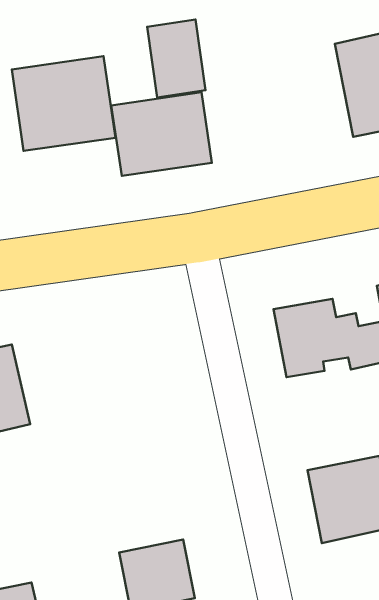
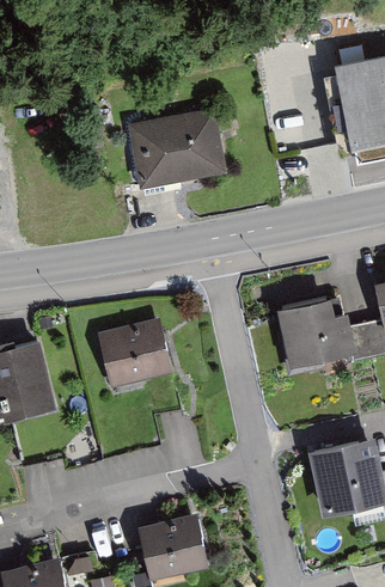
building: [147,20,206,97] -> none
building: [12,56,115,151] -> none
building: none -> [100,320,173,391]

